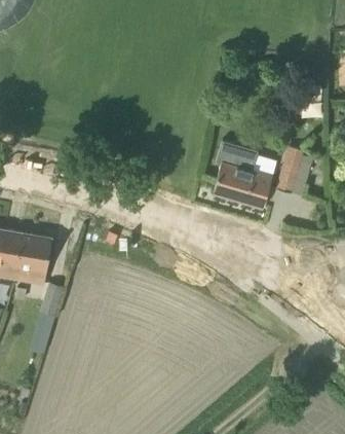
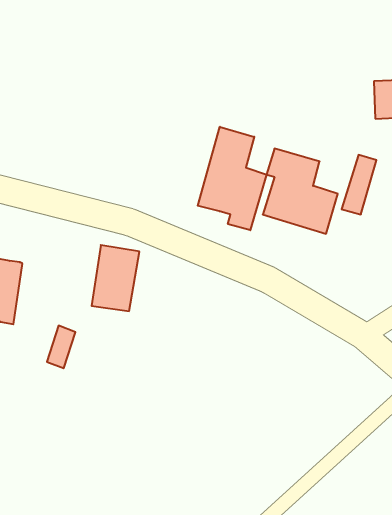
building: none -> [198,127,267,230]
building: [14,232,52,285] -> [92,245,139,311]

